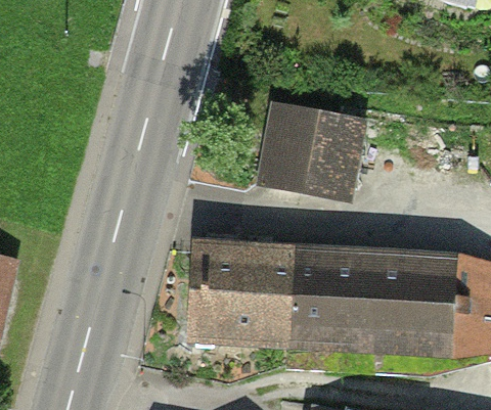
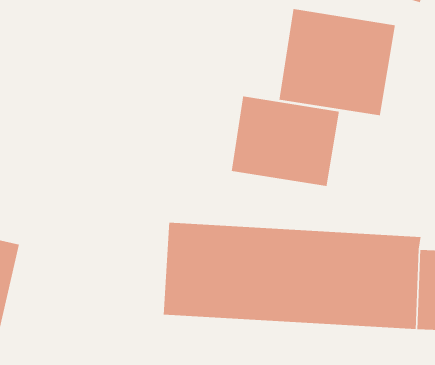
building: none -> [279,8,396,116]

